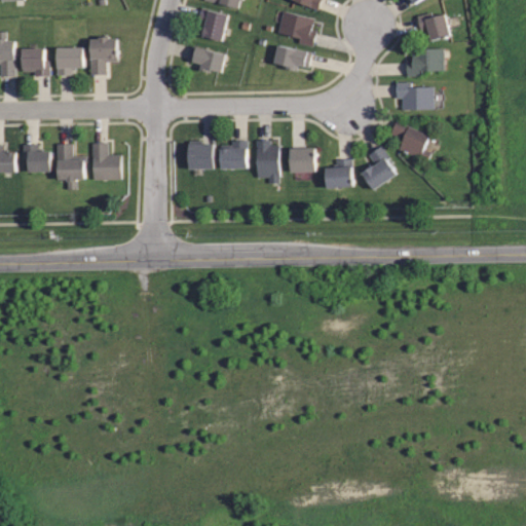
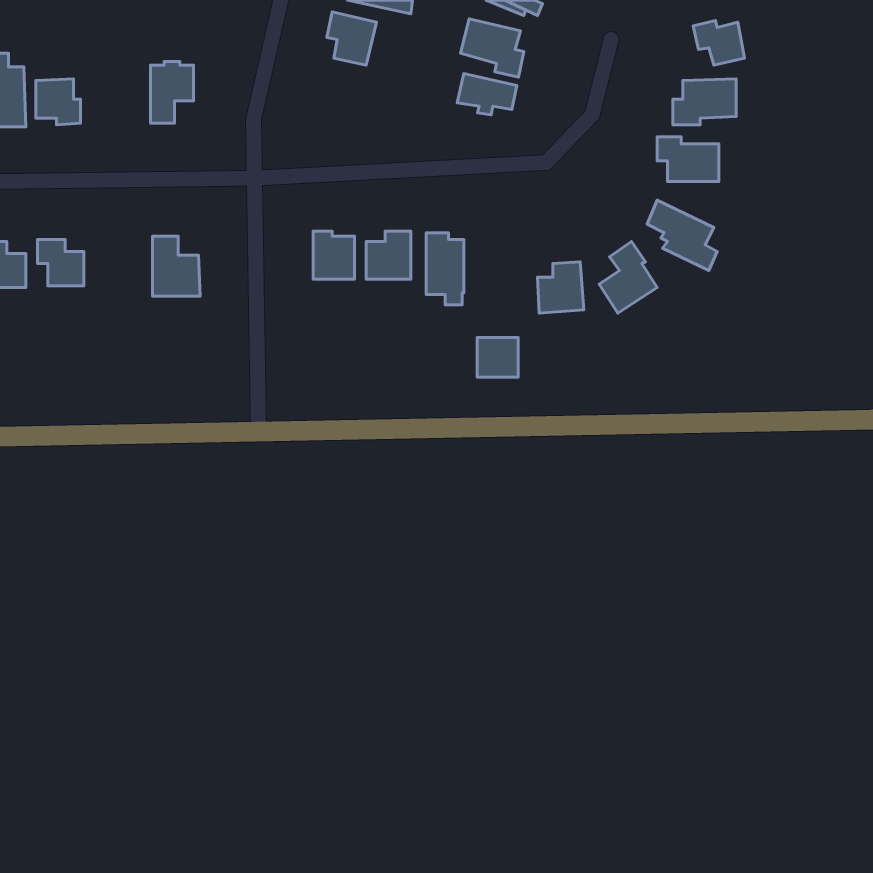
building: [190,46,224,72] -> none
building: [57,48,83,76] -> none
building: [58,144,84,188] -> none
building: [290,148,314,172] -> [477,338,518,377]

